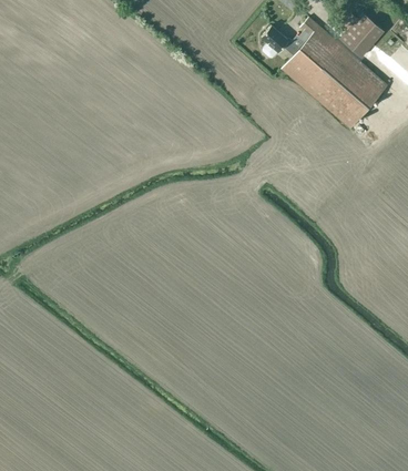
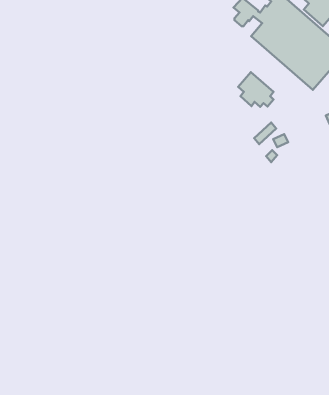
building: none -> [238,72,274,107]

